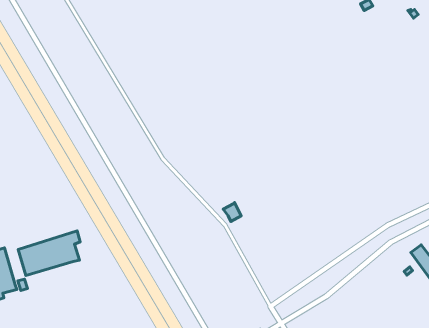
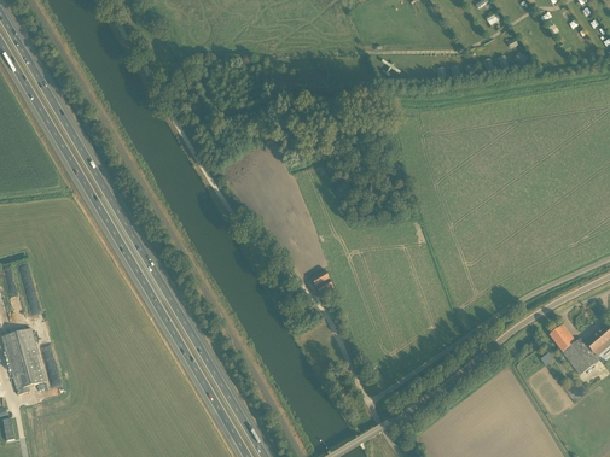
building: [18,231,80,276] -> none

